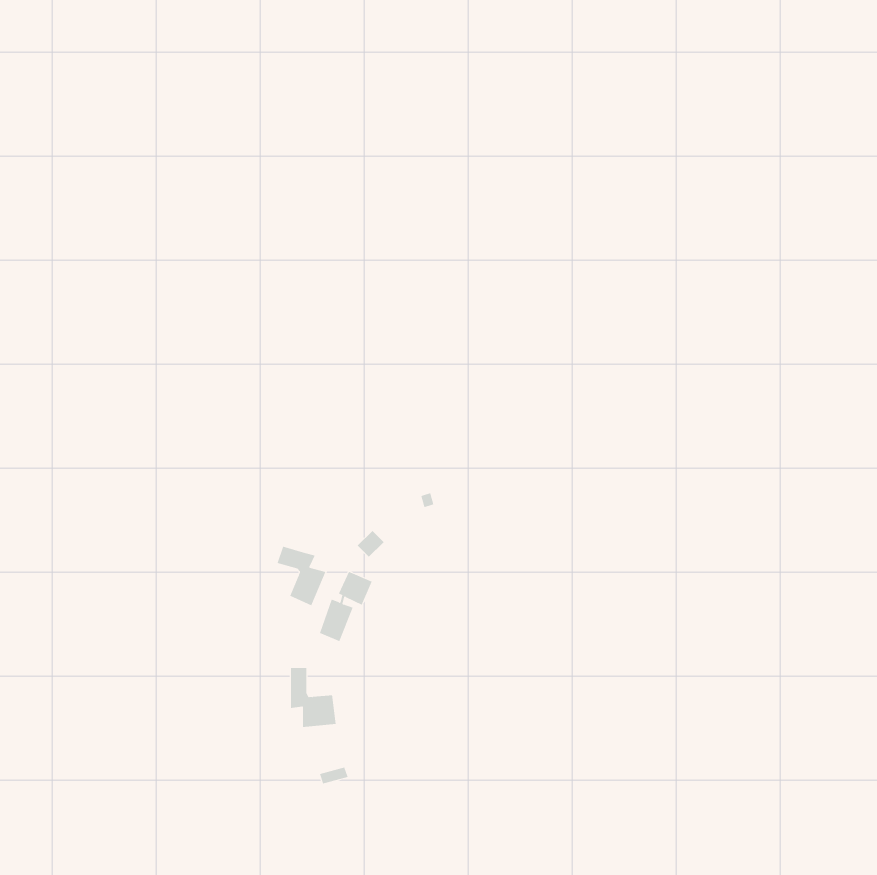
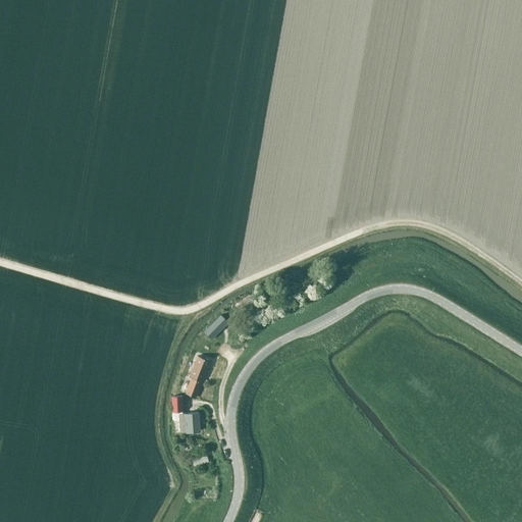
building: [277,546,326,606] -> none

